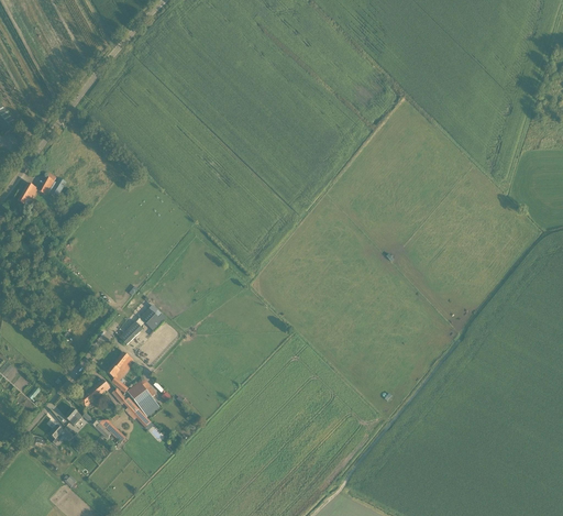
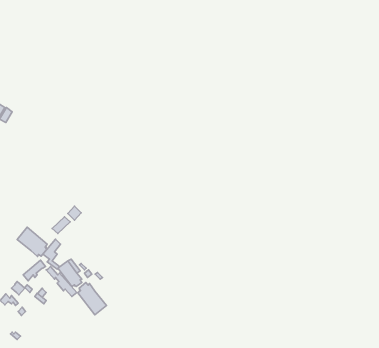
building: none -> [17,227,47,256]
building: none -> [78,283,106,315]

